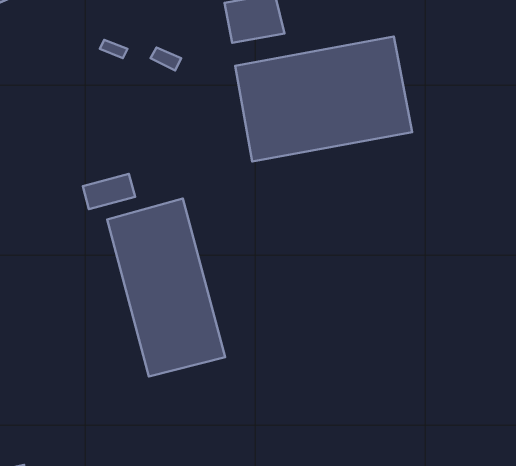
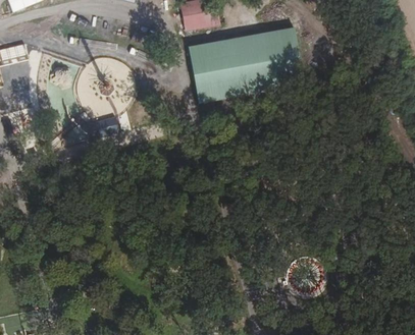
building: [107,199,225,377] -> none

